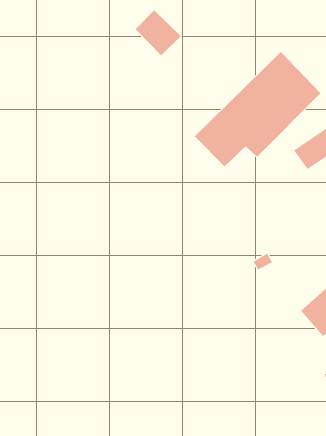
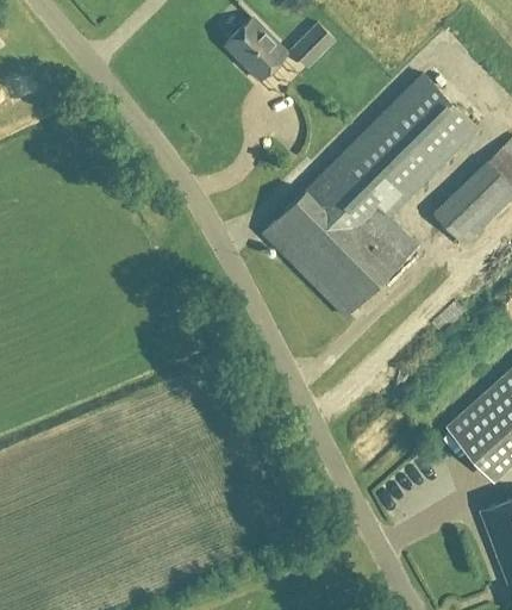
building: none -> [289,23,333,66]
building: none -> [262,191,417,317]

